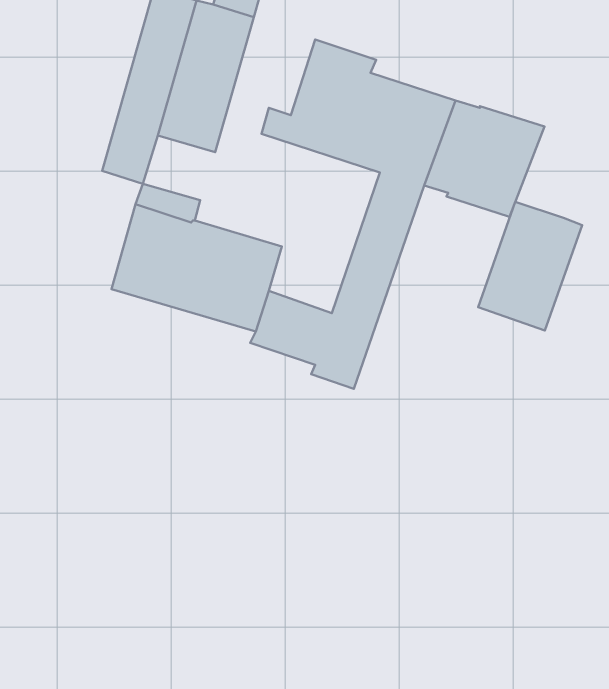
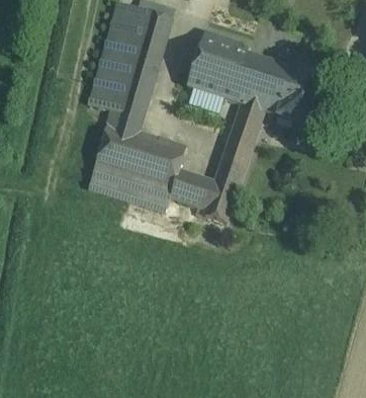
building: none -> [110,85,150,121]
building: [478,202,582,331] -> none
building: none -> [88,169,172,212]

